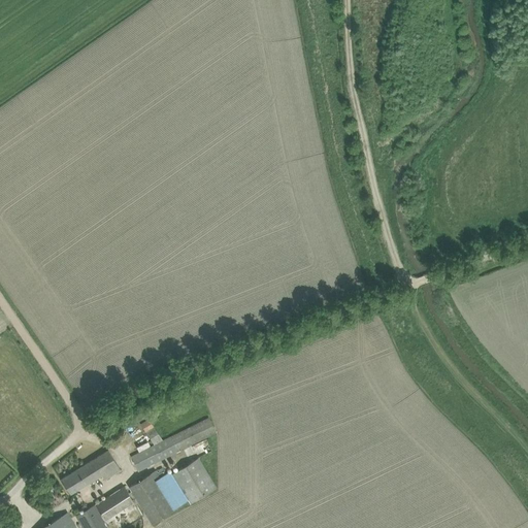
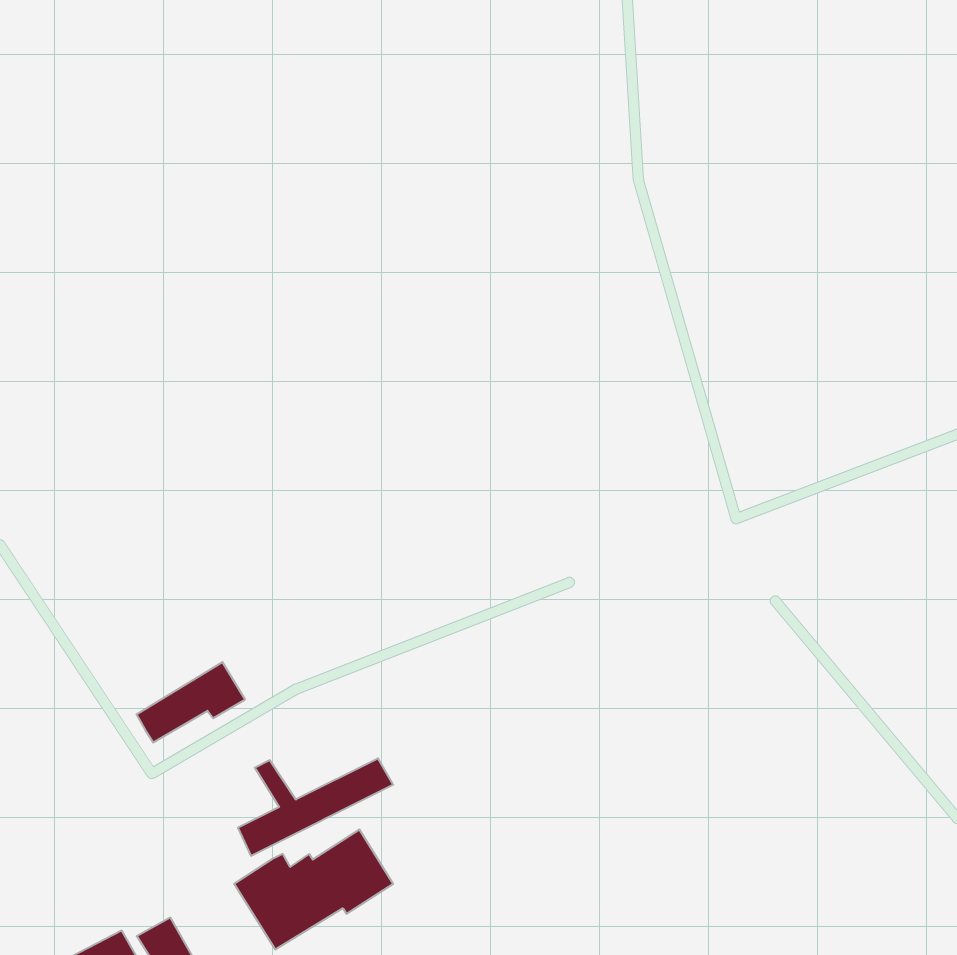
building: [61,451,121,495] -> [136,662,245,743]
building: [95,487,134,521] -> none

